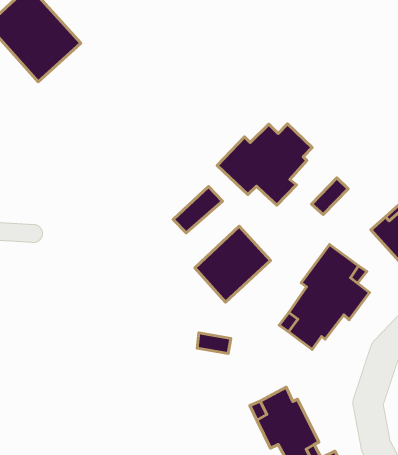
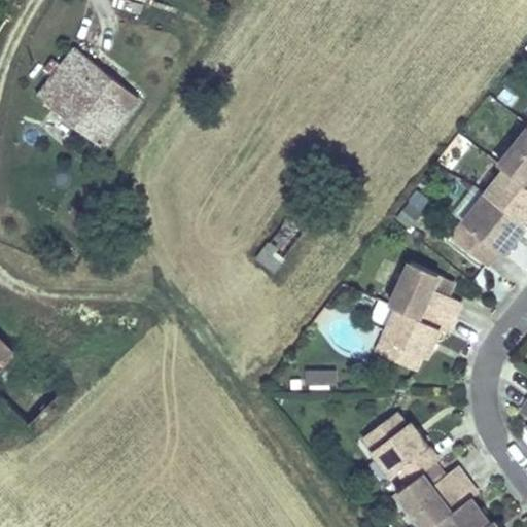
building: [217,124,312,205] -> none
building: [195,226,271,302] -> none

